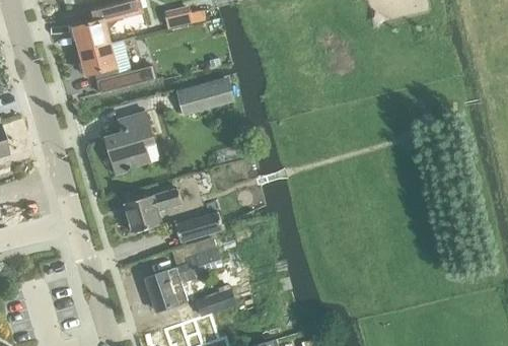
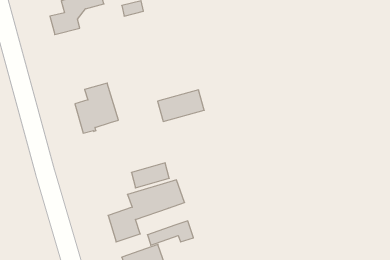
building: [78,39,154,92] -> none
building: [174,77,233,117] -> [158,90,204,121]
building: [123,188,180,232] -> none

